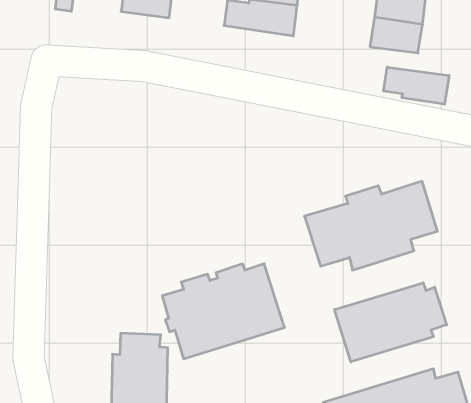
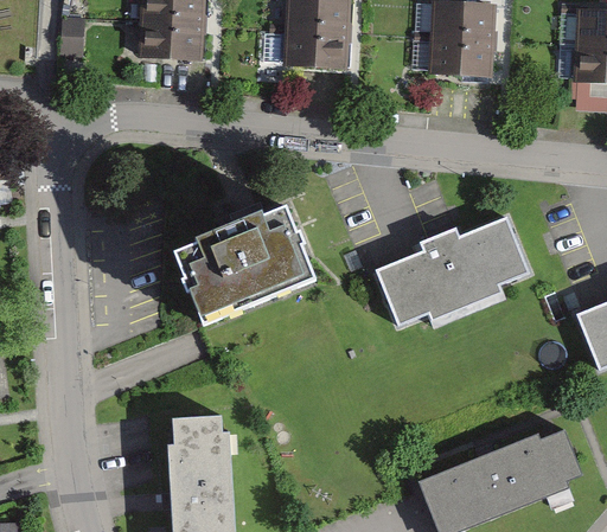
building: [384,67,449,104] -> none
building: [162,264,285,359] -> [174,214,318,332]
building: [335,283,447,362] -> none

